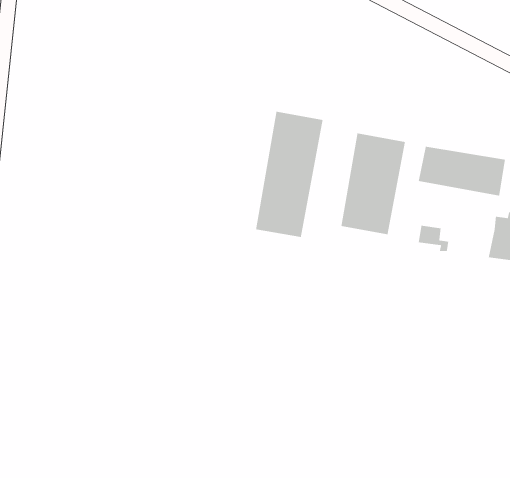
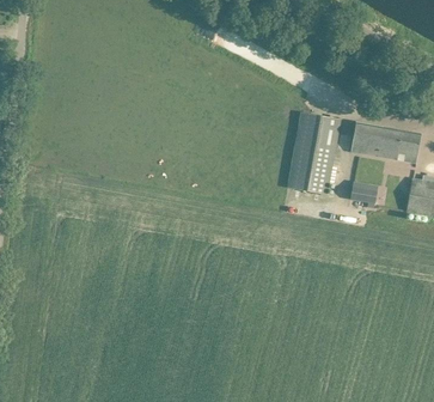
building: [255,111,324,238] -> none

